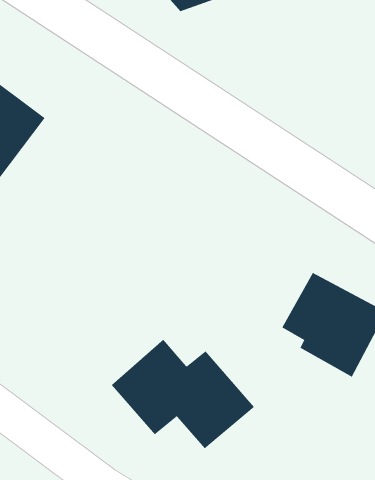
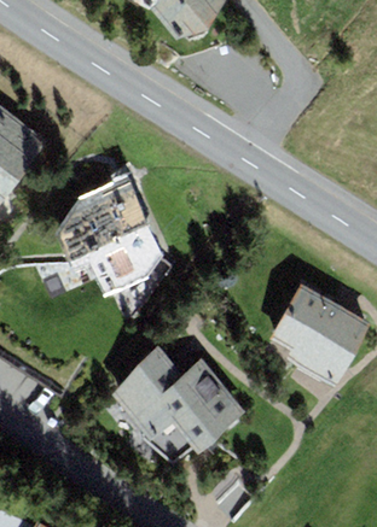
building: none -> [57,178,159,294]

